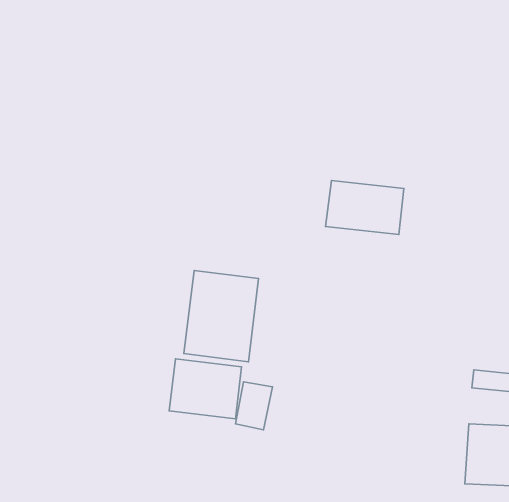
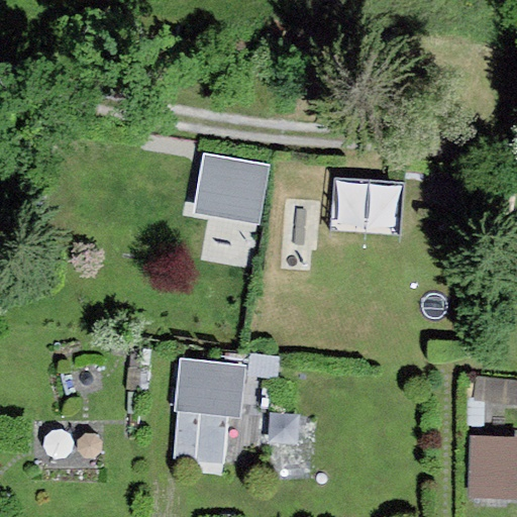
building: none -> [172,158,256,219]
building: [184,270,258,362] -> none

